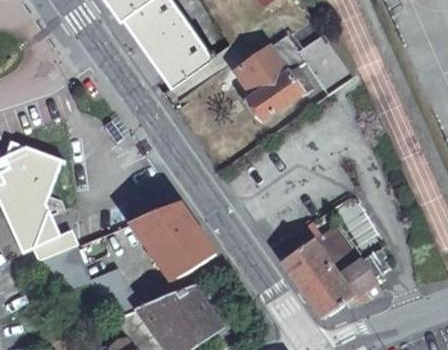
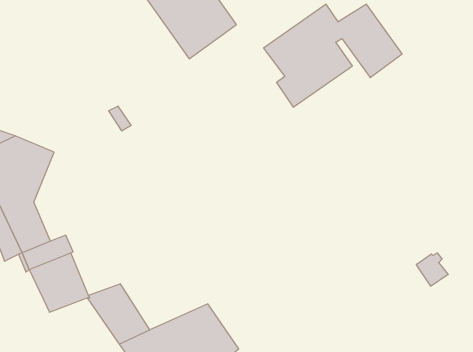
building: [126,203,210,281] -> none
building: [281,224,381,318] -> none

